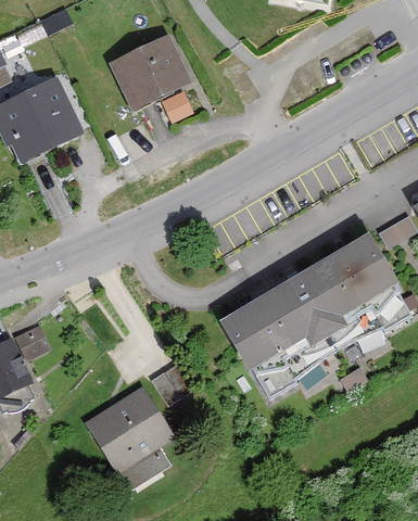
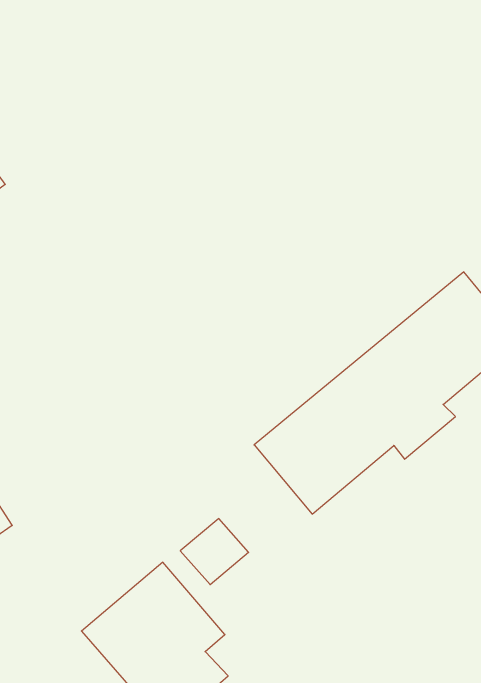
building: [110,39,188,112] -> none

